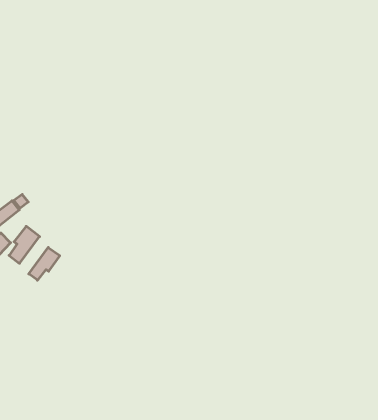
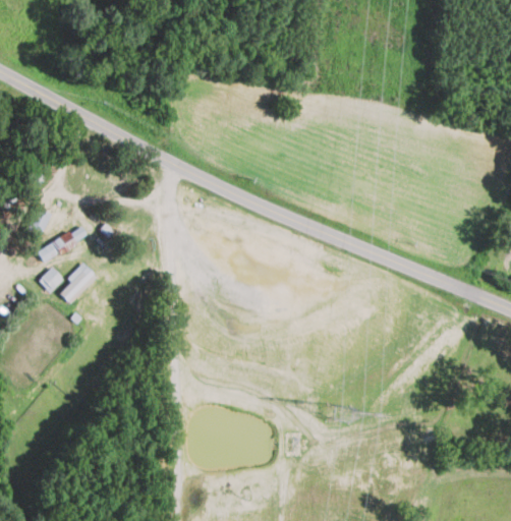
building: [29,247,60,280] -> none

